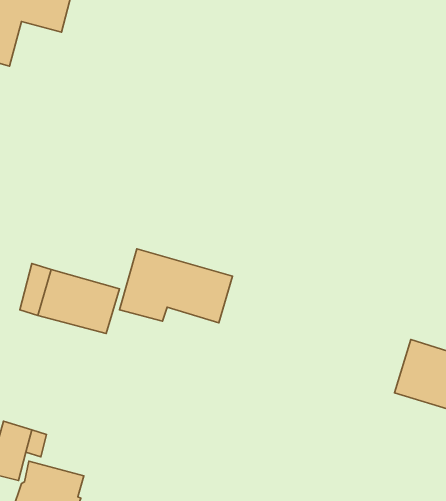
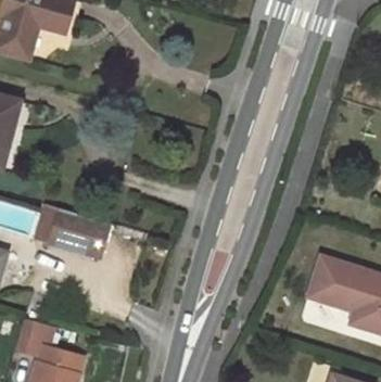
building: [119,249,233,323] -> none

